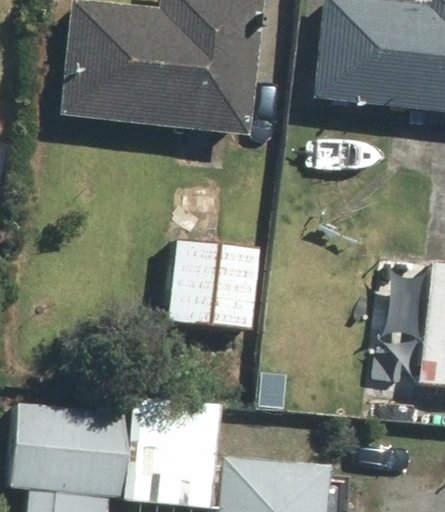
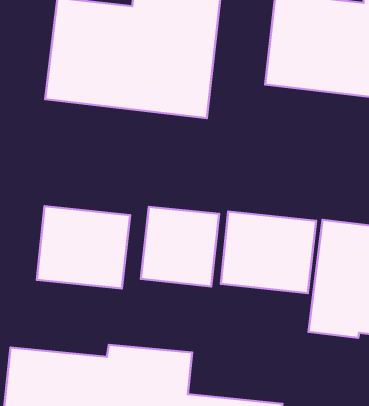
building: none -> [37,206,130,289]
building: none -> [221,211,316,293]

